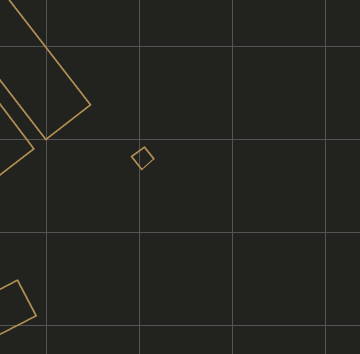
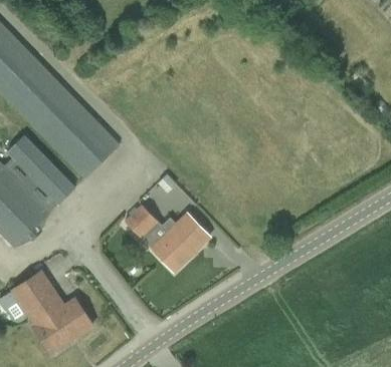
building: none -> [125,205,209,272]

